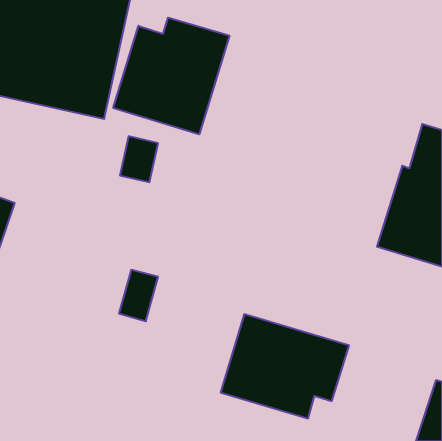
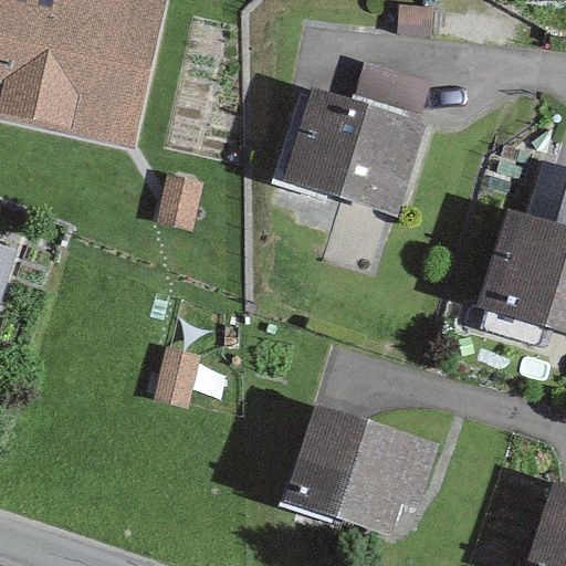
building: [113,18,229,134] -> none
building: none -> [282,64,431,214]

